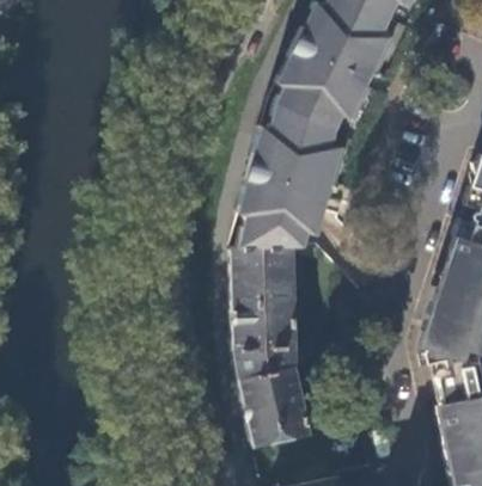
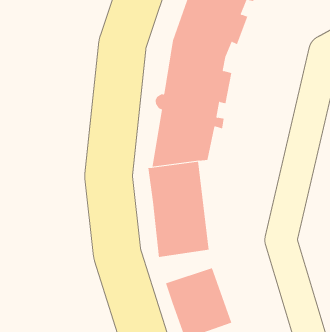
building: [234,346,295,379] -> none

